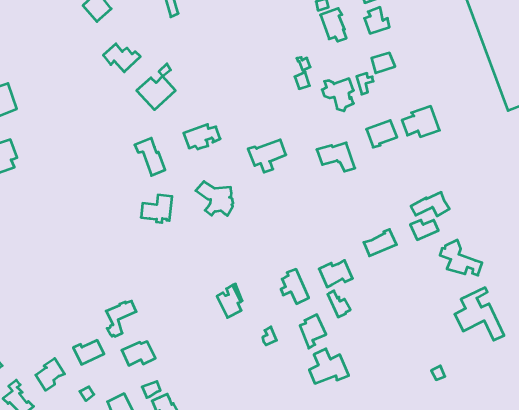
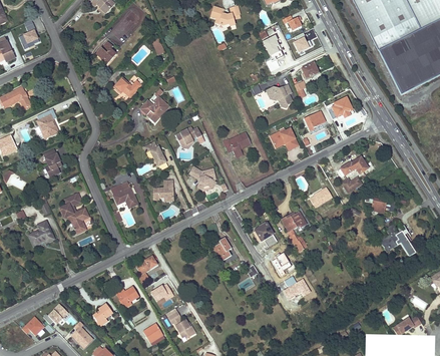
building: none -> [110,181,137,208]
building: none -> [60,193,89,233]

